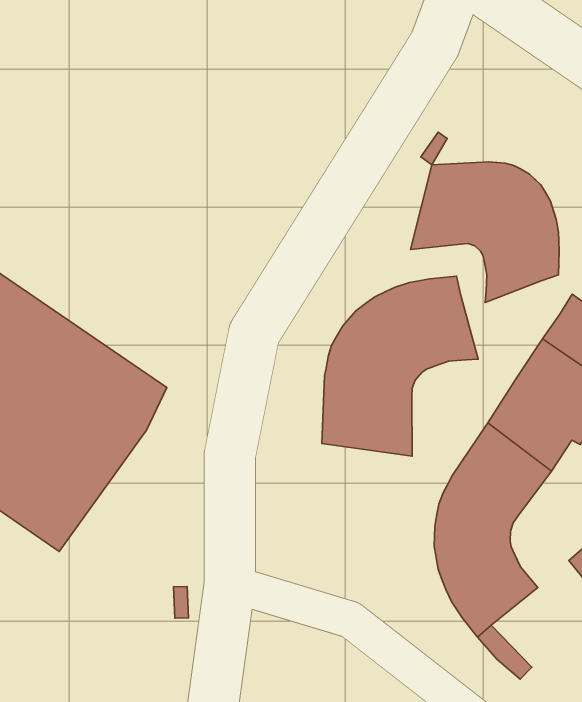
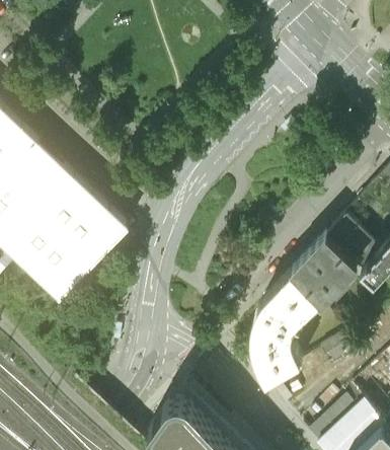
building: [411,162,559,302] -> none
building: [322,276,478,456] -> none

